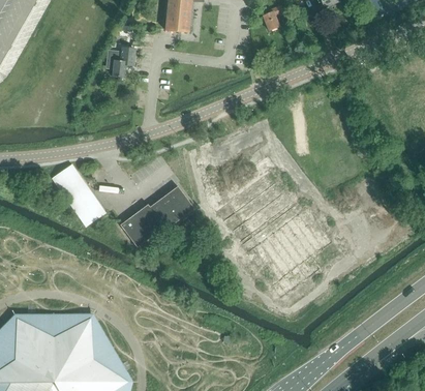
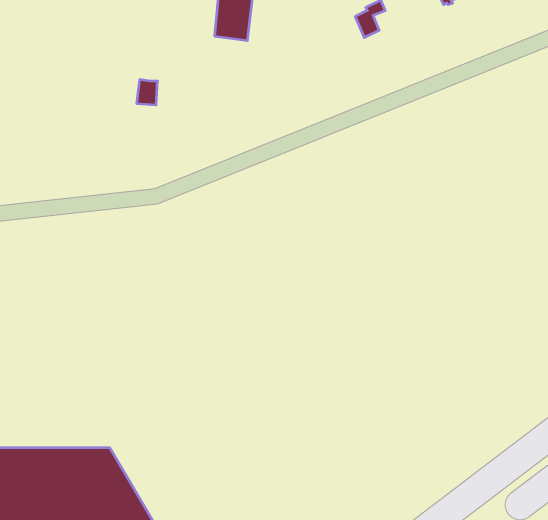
building: [55,174,97,222] -> none
building: [120,186,194,247] -> none

